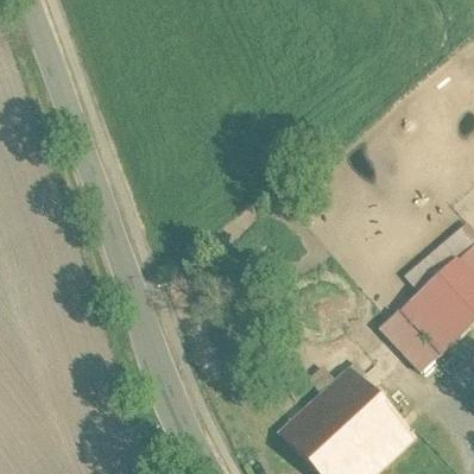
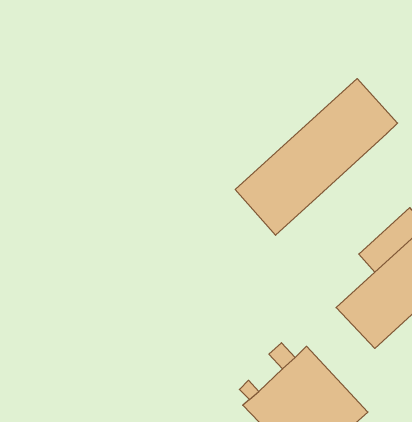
building: none -> [235,79,398,235]

